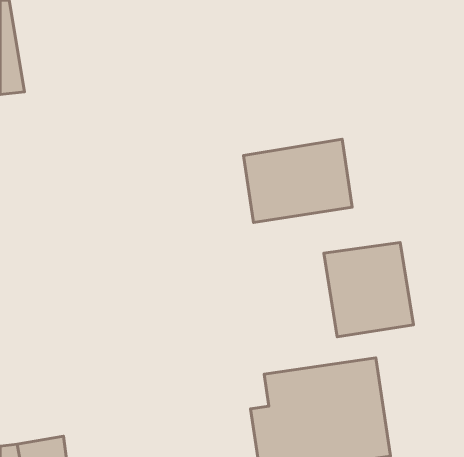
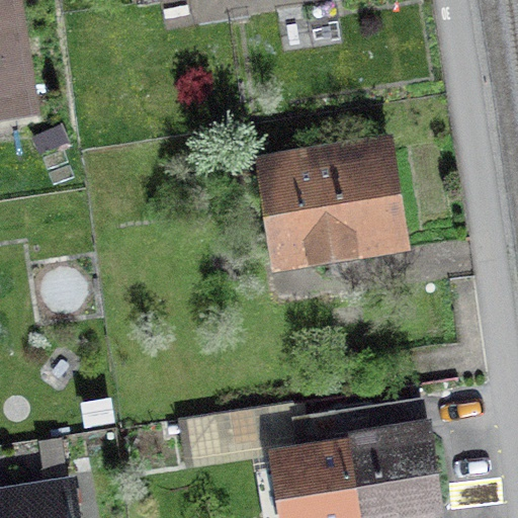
building: [324,242,414,337] -> none

